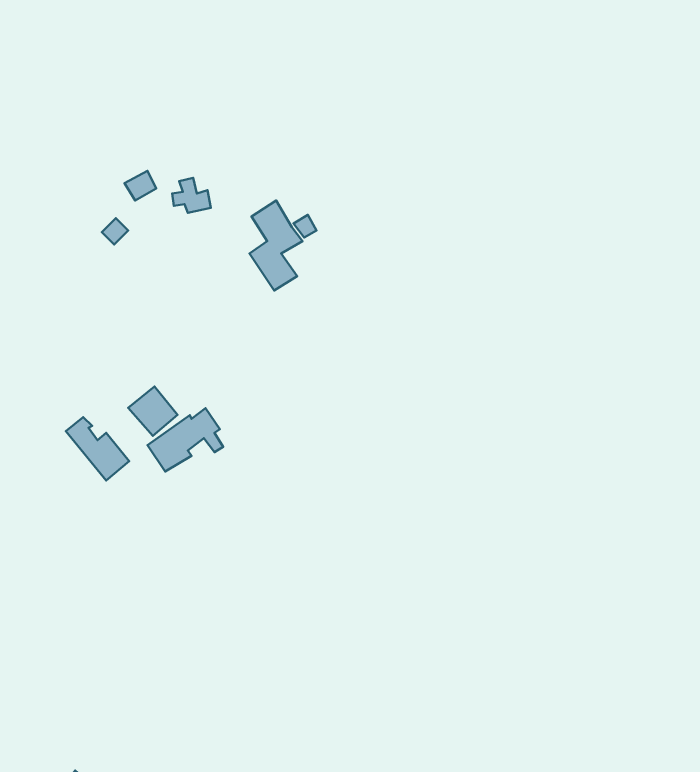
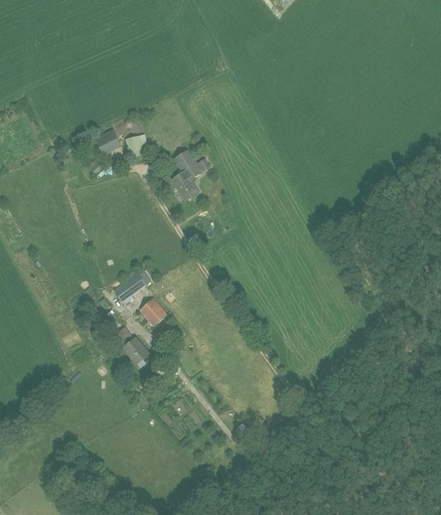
building: [128,387,178,436] -> [137,297,165,325]
building: [66,417,129,480] -> [112,328,148,364]

